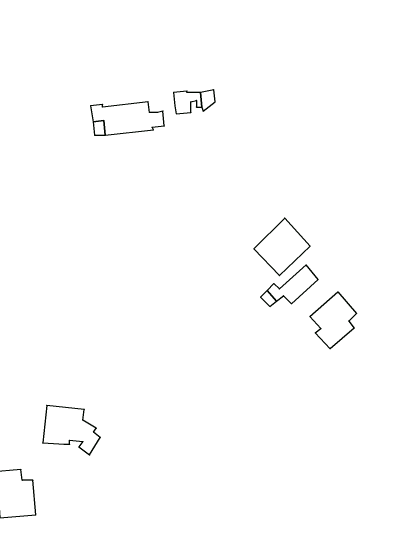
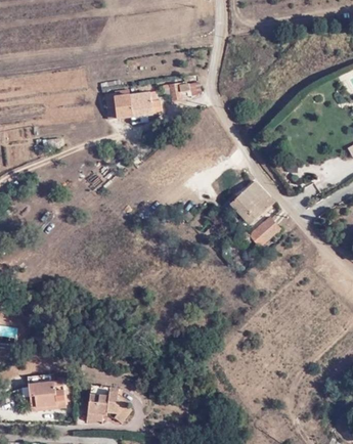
building: [310,292,357,349] -> none
building: [43,405,100,455] -> [87,386,131,424]

